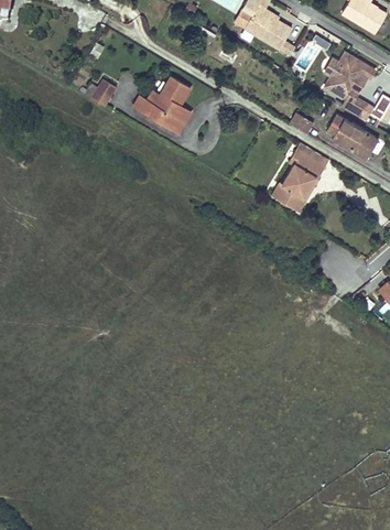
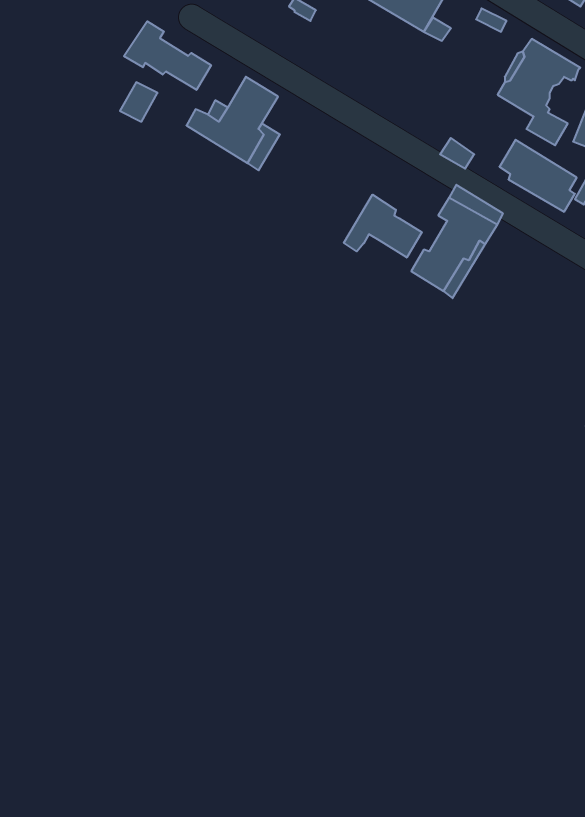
building: none -> [124,21,211,90]
building: none -> [344,195,422,258]

